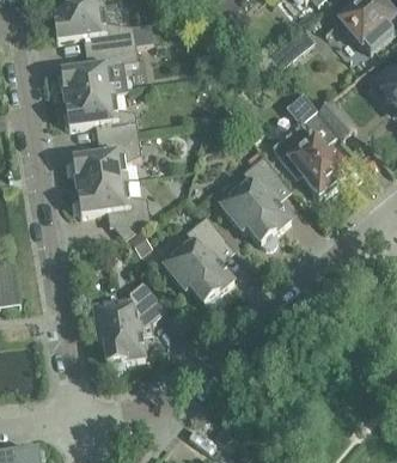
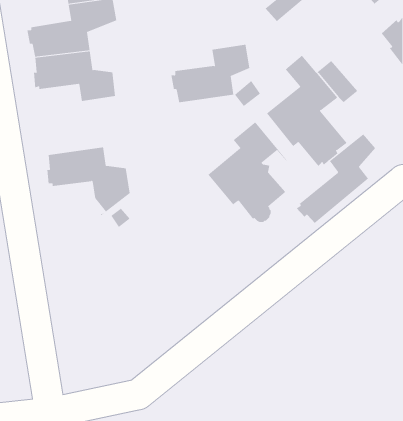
building: [69,132,141,184] -> [170,44,250,103]
building: none -> [296,134,376,224]
building: [163,214,236,305] -> none
building: [93,279,167,368] -> none

